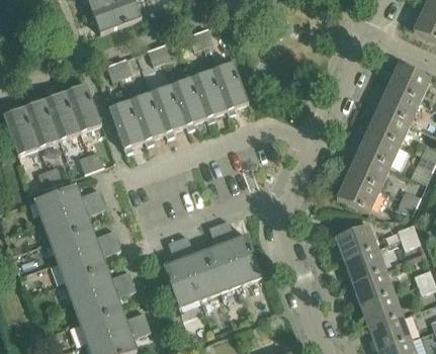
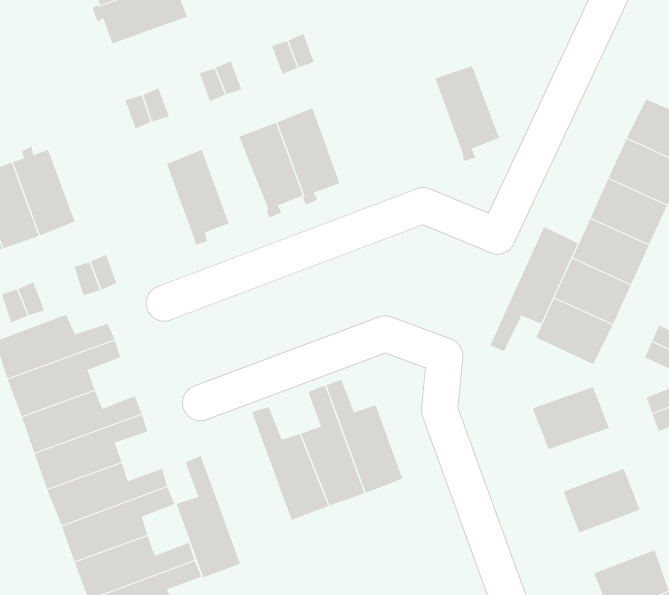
building: [211,62,248,115] -> [435,66,500,162]
building: [64,83,100,132] -> none
building: [150,85,186,139] -> none
building: [107,100,145,154] -> none
building: none -> [489,226,579,352]
building: [163,239,199,307] -> [176,455,241,578]
building: [343,248,385,283] -> none
building: [360,293,403,329] -> none

